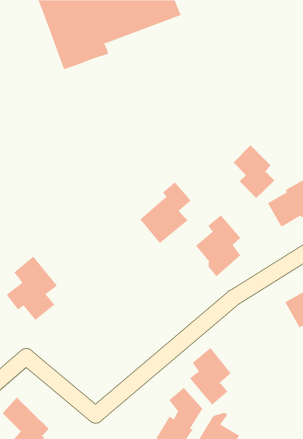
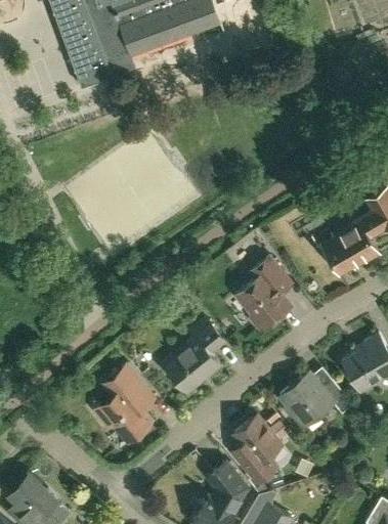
building: [233,145,275,199] -> none
building: [140,181,192,244] -> [165,319,226,393]
building: [6,256,58,321] -> [94,364,156,441]
building: none -> [282,373,354,429]

